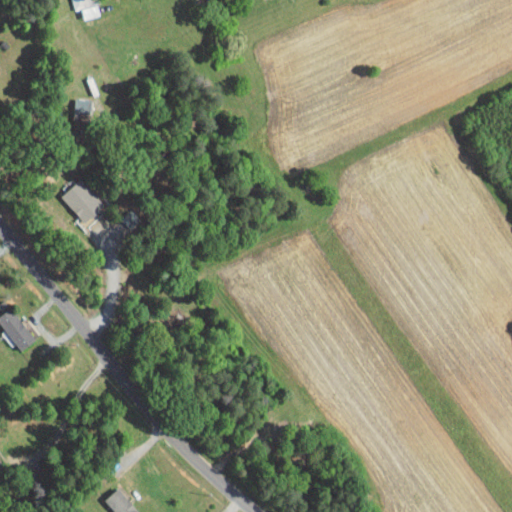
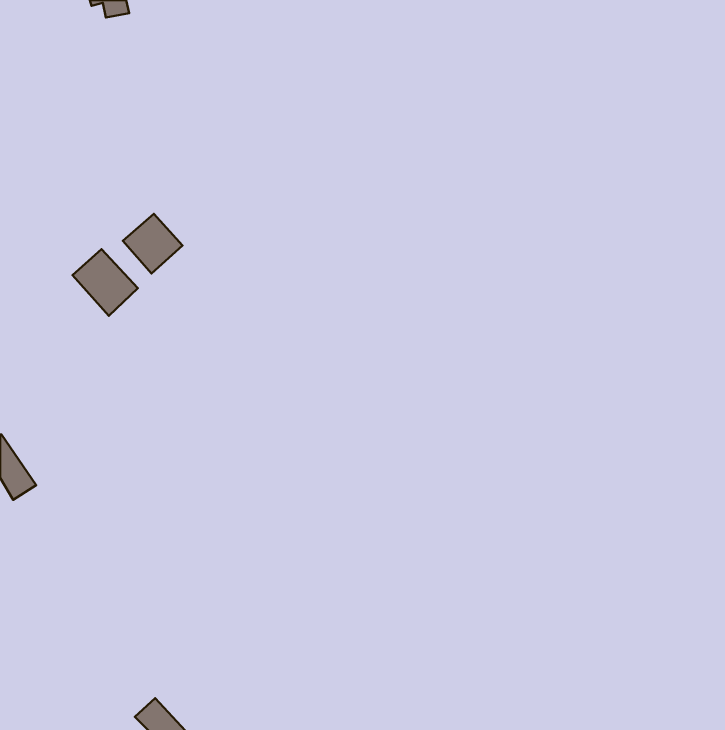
building: [70,99,90,119] -> none
building: none -> [123,214,182,274]

